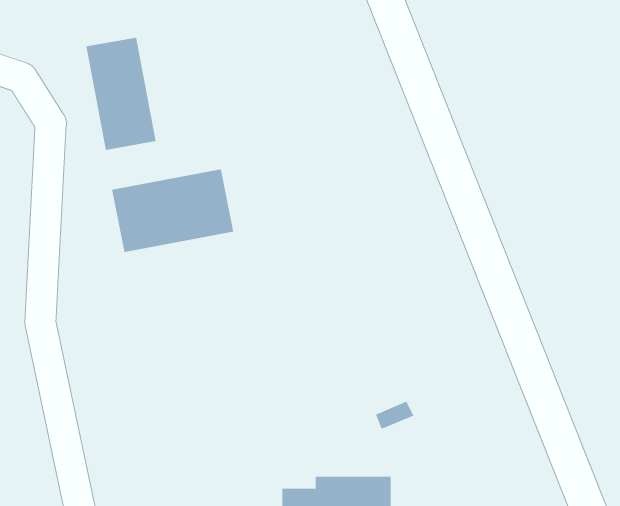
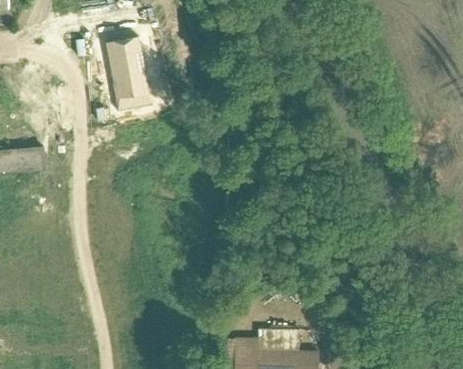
building: [112,168,234,253] -> none

